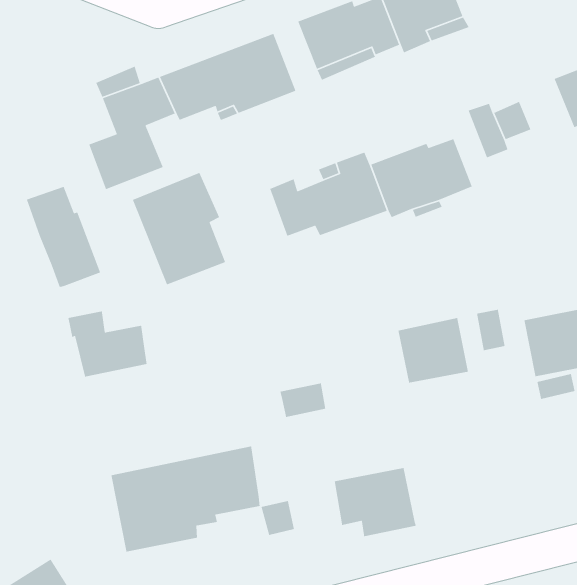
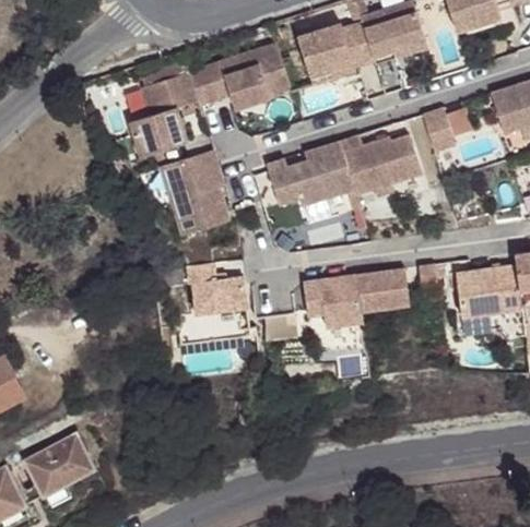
building: [26,186,101,288] -> none
building: [67,311,148,377] -> [186,259,245,309]
building: [110,446,261,552] -> none
building: [334,467,417,537] -> [301,277,362,328]

